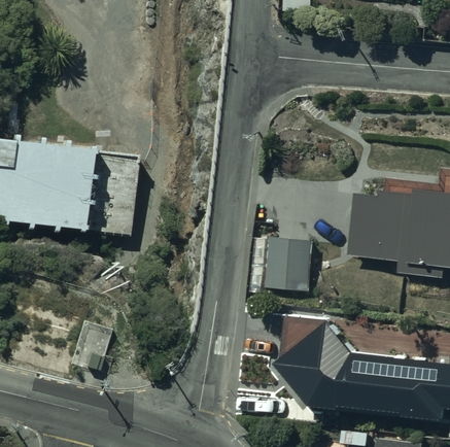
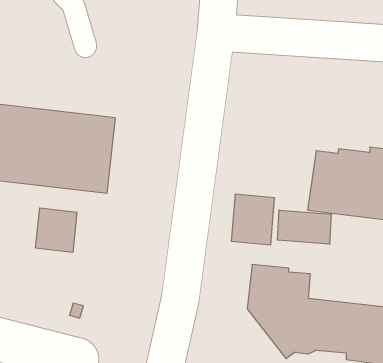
building: none -> [36,208,77,252]
building: none -> [277,210,331,244]

